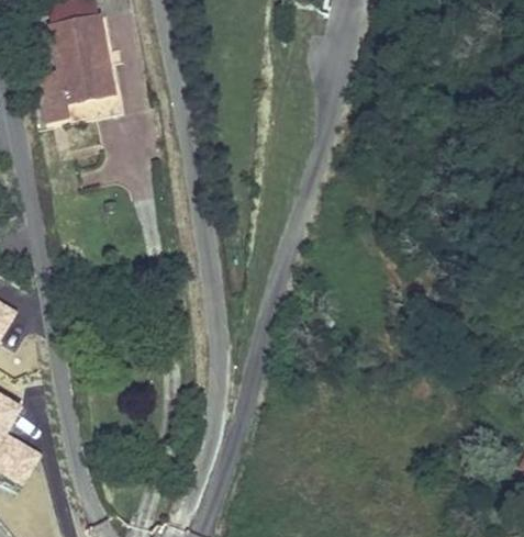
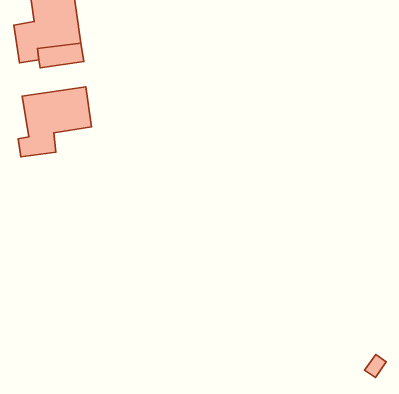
building: none -> [18,87,92,157]

